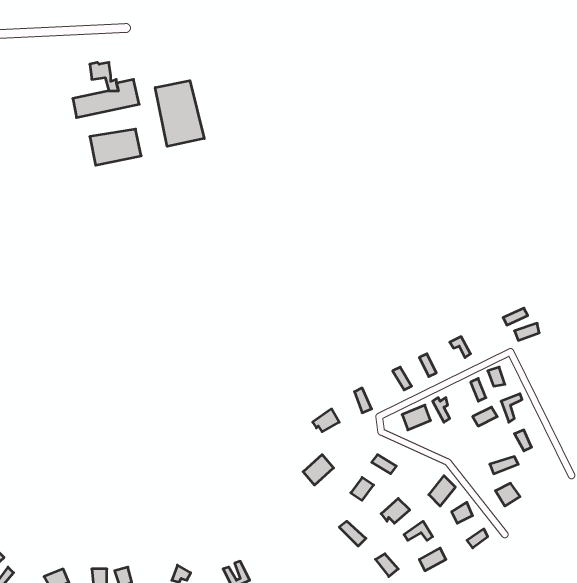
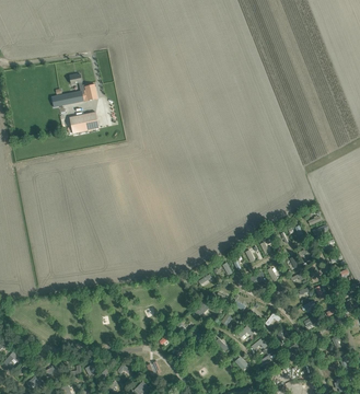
building: [155,81,204,146] -> none

